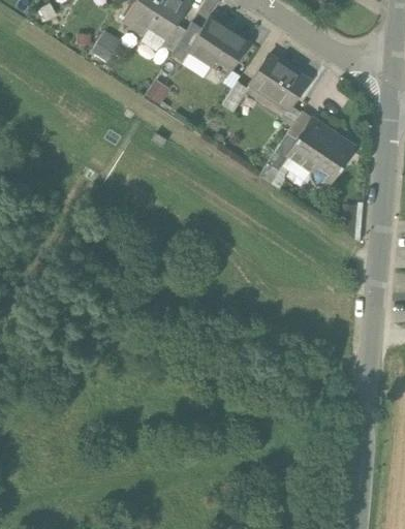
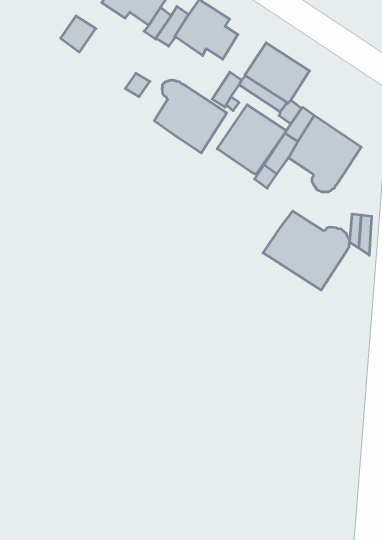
building: none -> [154,80,227,153]
building: none -> [217,105,286,175]
building: none -> [263,211,350,290]

